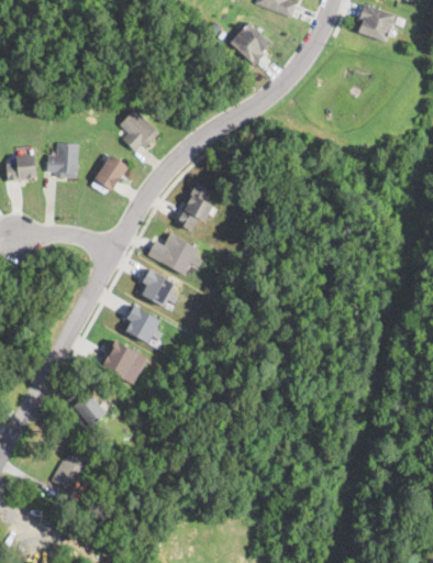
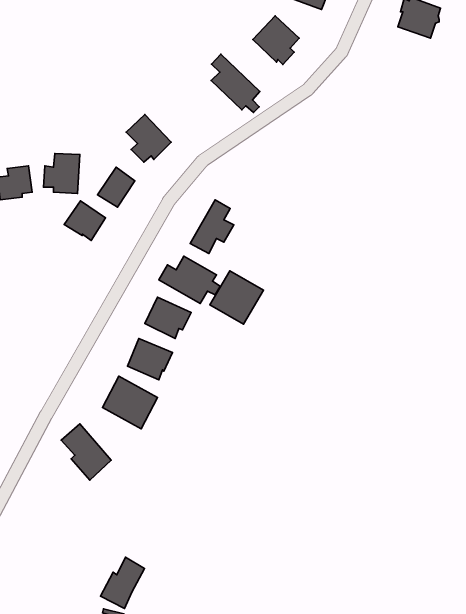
building: none -> [211,54,260,112]
building: none -> [64,201,106,241]
building: none -> [210,271,264,324]
building: [52,448,90,493] -> [101,557,144,609]

